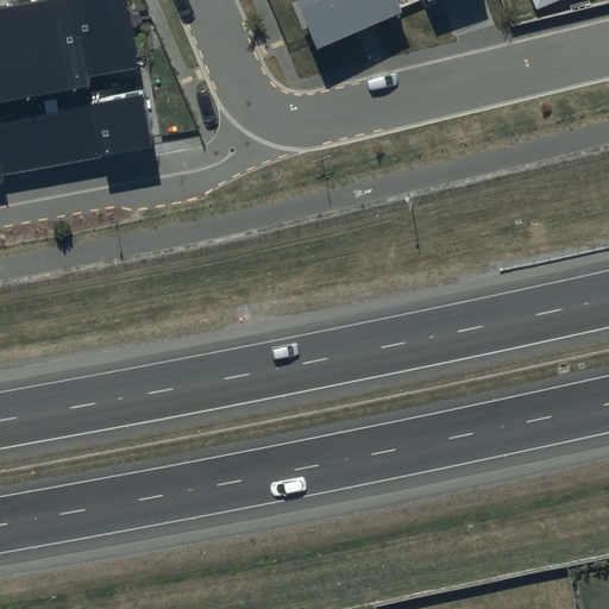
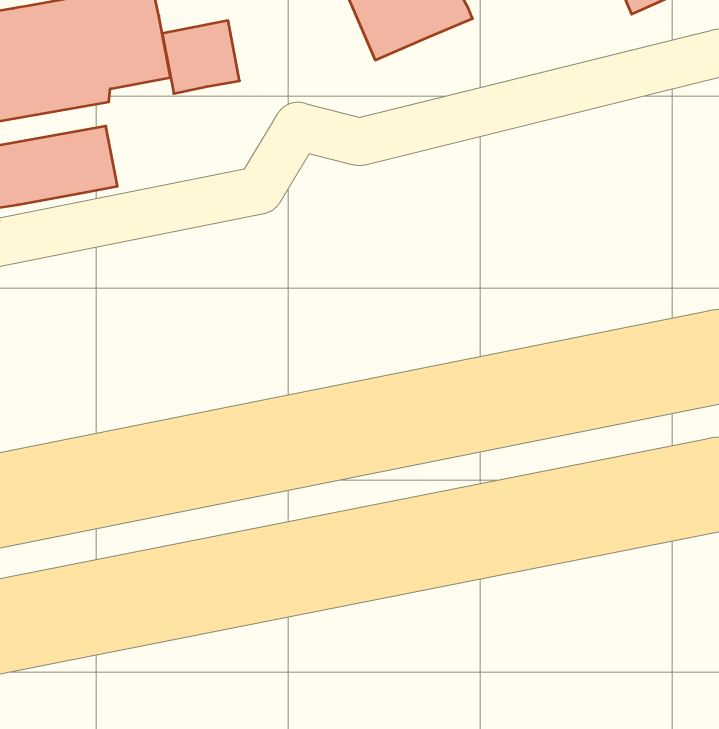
building: [88,94,152,155] -> [162,21,240,94]

